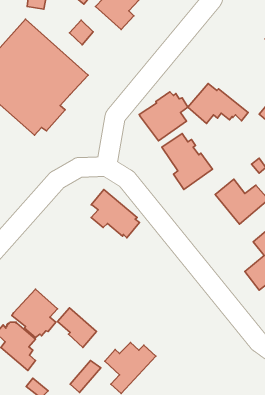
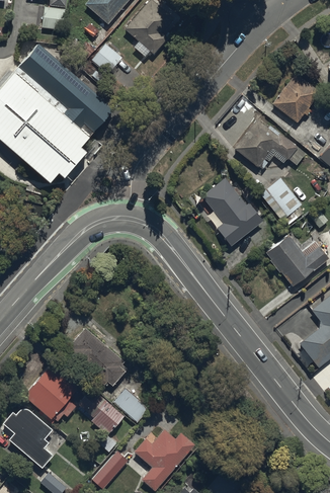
building: none -> [271,74,320,122]
building: [139,92,188,141] -> none
building: none -> [260,178,302,218]
building: [91,190,140,238] -> [69,328,127,386]
building: none -> [111,388,148,422]

